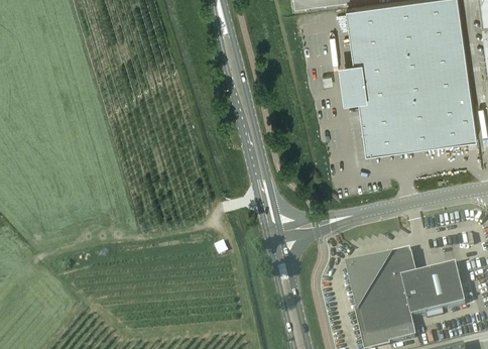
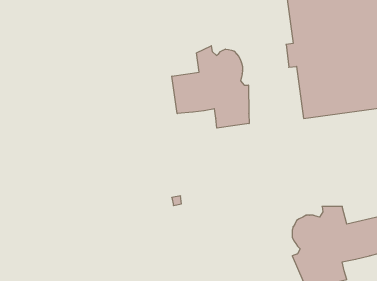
building: none -> [172,46,249,128]

